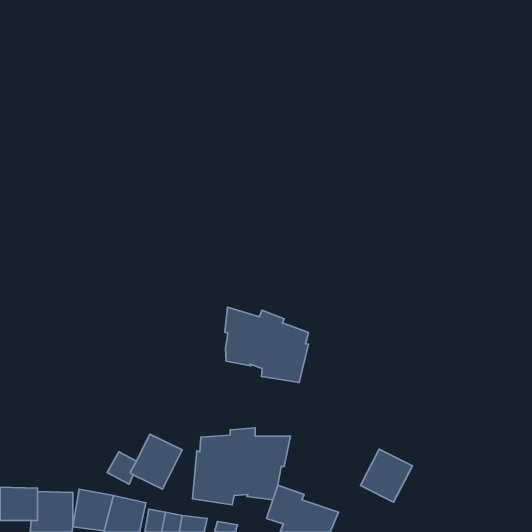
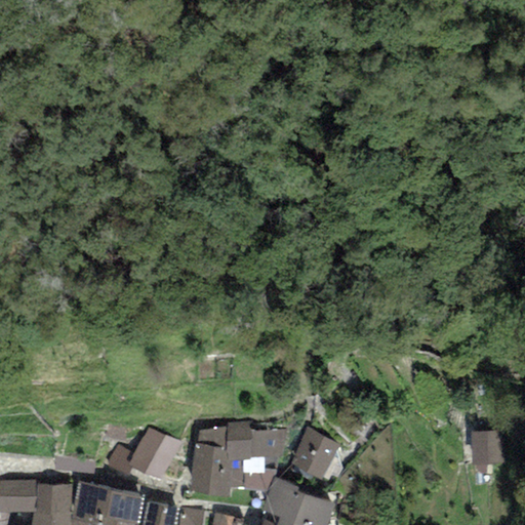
building: [225,307,309,382] -> none
building: none -> [470,431,503,466]
building: [360,449,412,502] -> [289,428,340,480]

